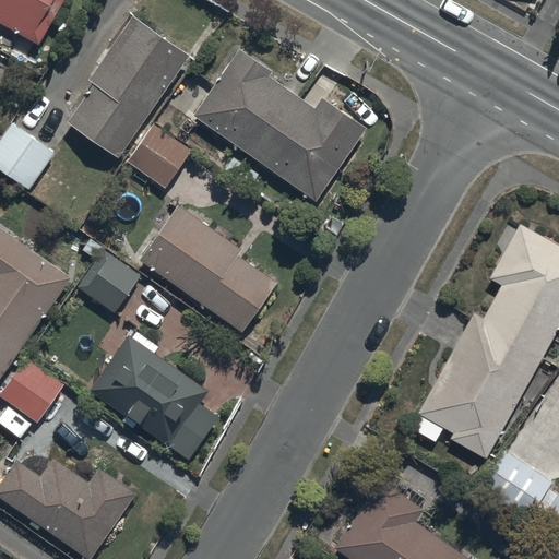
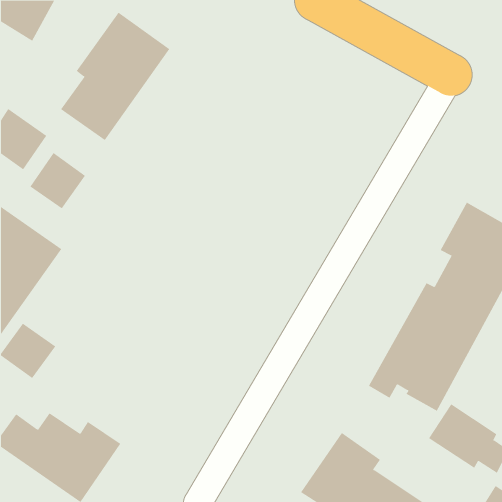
building: [192,49,367,203] -> none
building: [127,123,192,189] -> none
building: [140,205,278,333] -> none
building: [79,249,141,312] -> [30,152,86,209]
building: [90,332,219,460] -> none

